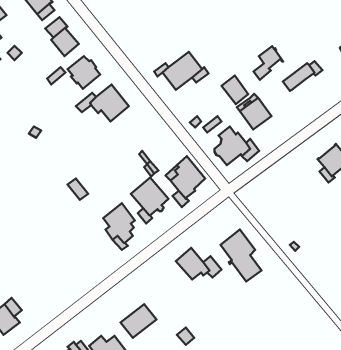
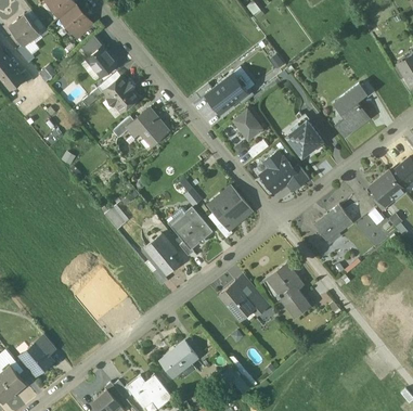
building: [254,46,283,80] -> [337,102,369,138]
building: [221,76,248,104] -> [233,108,261,139]
building: none -> [313,206,351,240]

